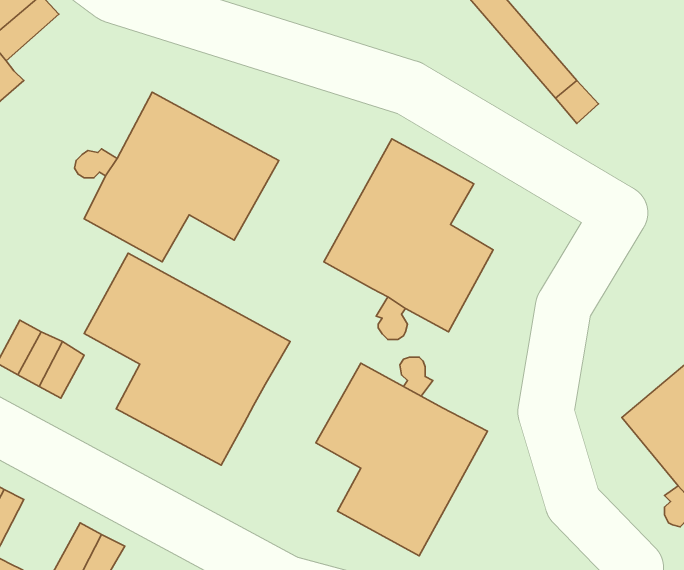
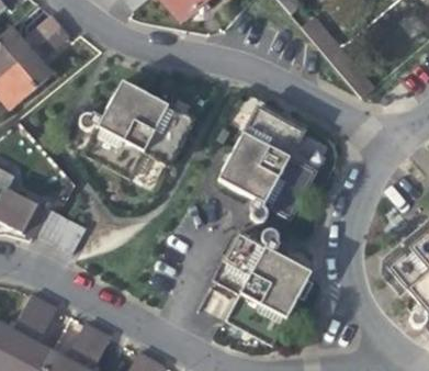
building: [84,253,290,465] -> none

